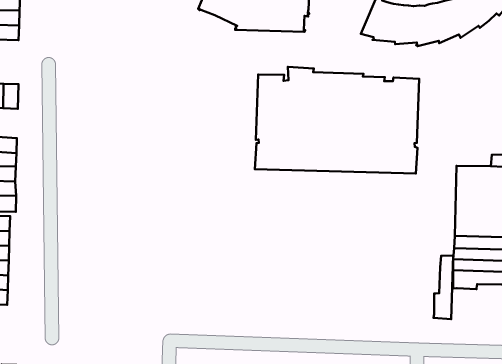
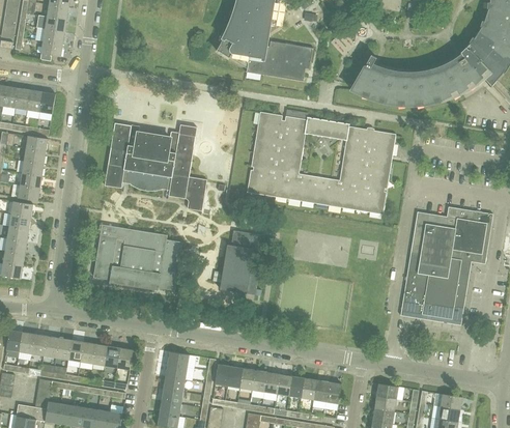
building: none -> [104,122,206,210]
building: none -> [219,229,264,293]
building: none -> [92,227,181,289]
building: [433,256,453,319] -> none

